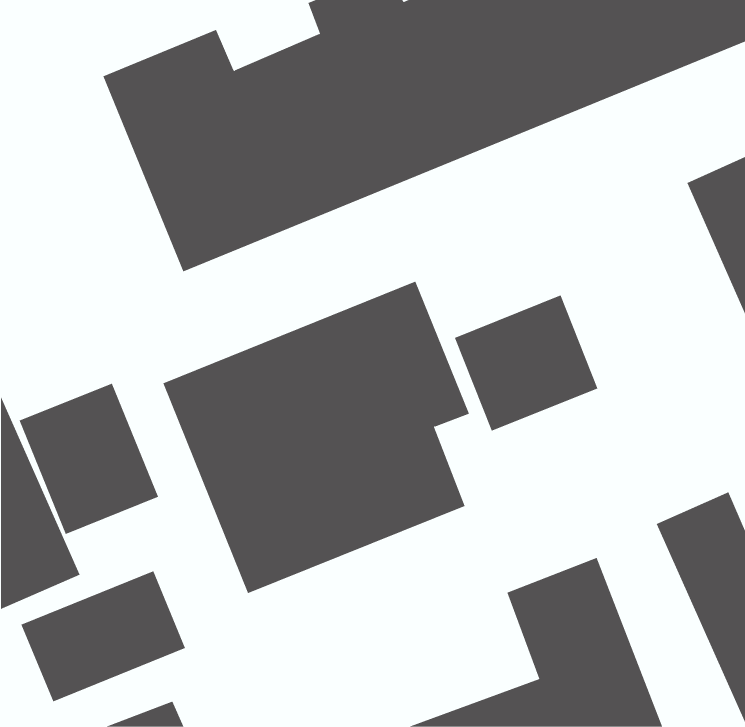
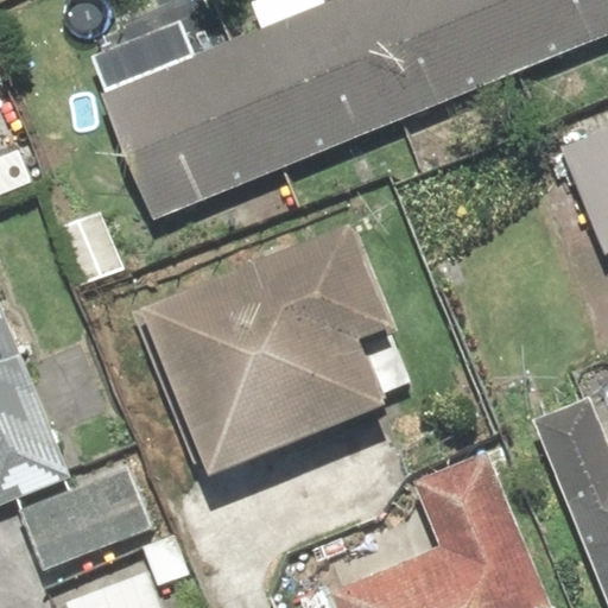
building: [454,295,598,432] -> none
building: [19,383,159,535] -> none

